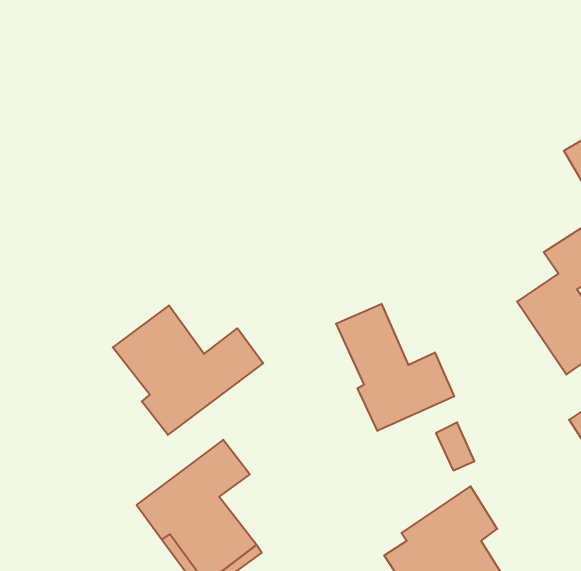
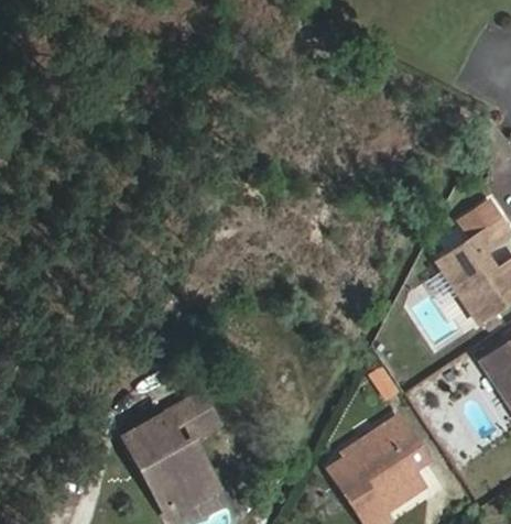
building: [336,304,454,431] -> none
building: [113,305,263,435] -> none

